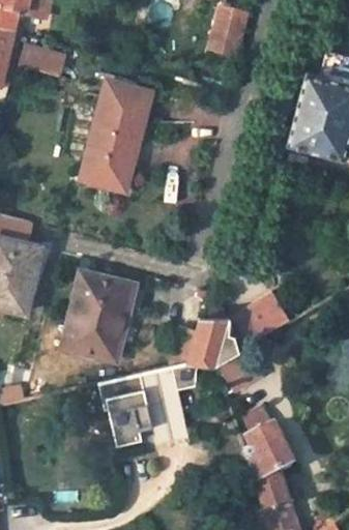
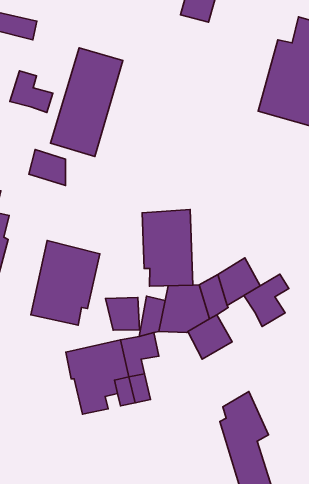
building: none -> [10,71,53,113]
building: none -> [29,150,66,185]
building: none -> [142,210,193,286]
building: none -> [244,274,289,327]
building: none -> [106,298,140,330]

